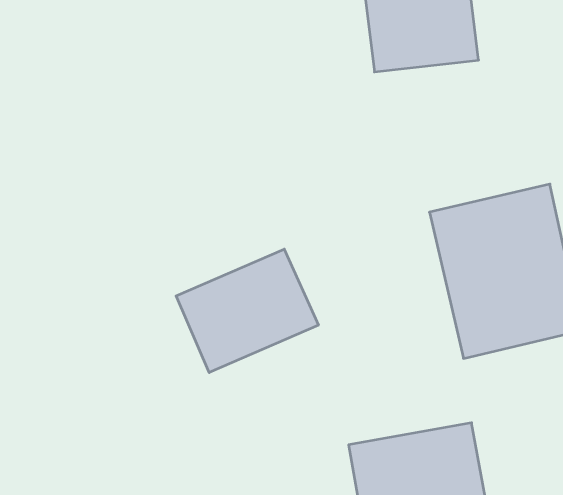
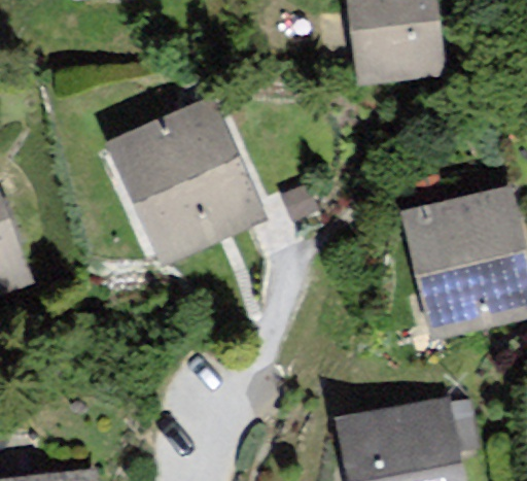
building: none -> [105,105,262,270]
building: [176,249,318,373] -> none

